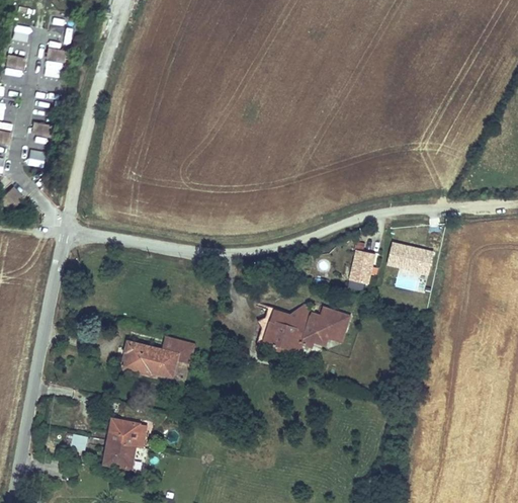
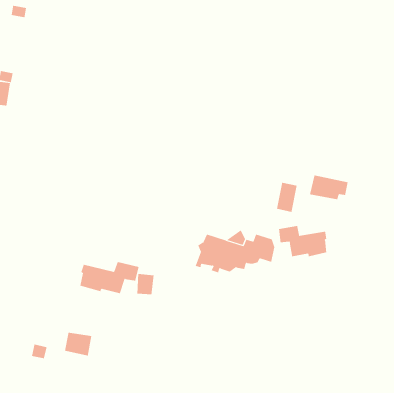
building: none -> [278,225,327,257]
building: none -> [137,273,154,295]
building: [105,440,136,467] -> none

